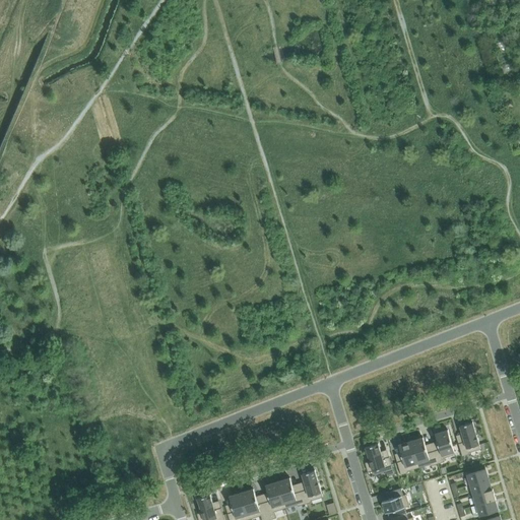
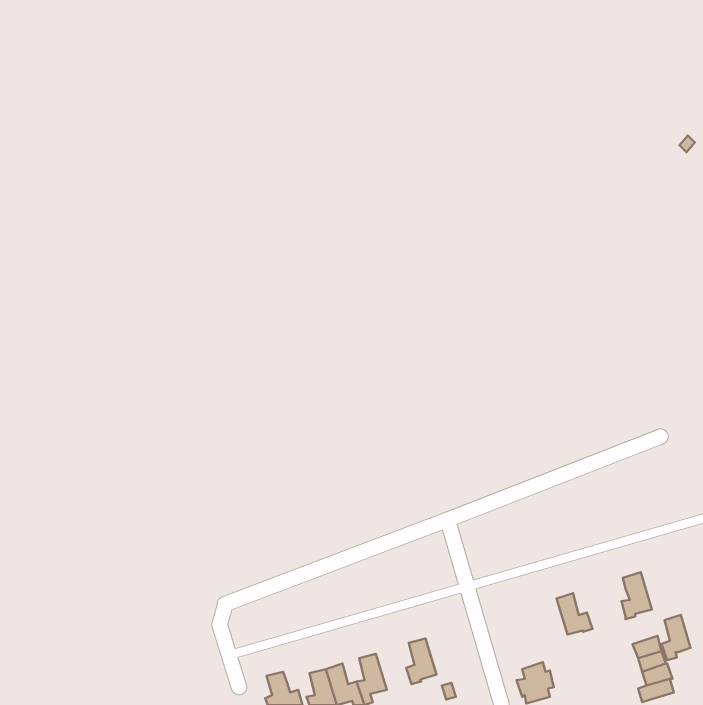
building: [432,429,453,462] -> [662,615,691,660]
building: [395,440,417,473] -> none
building: [364,442,392,475] -> none
building: [276,476,303,507] -> none

